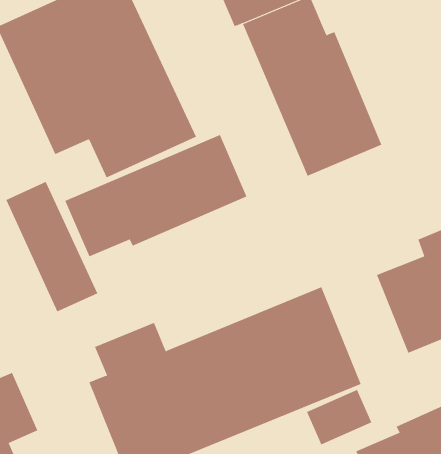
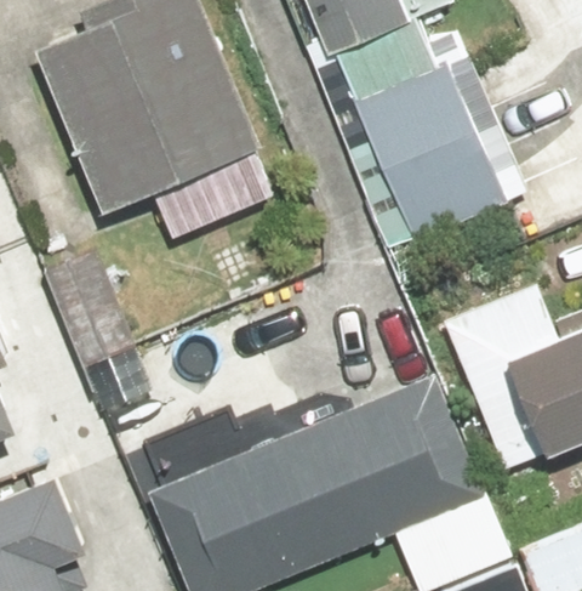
building: [65,134,247,257] -> none

